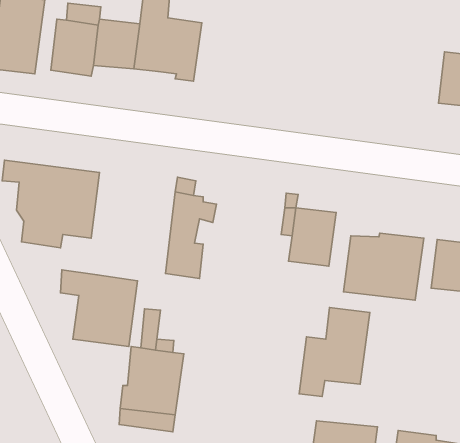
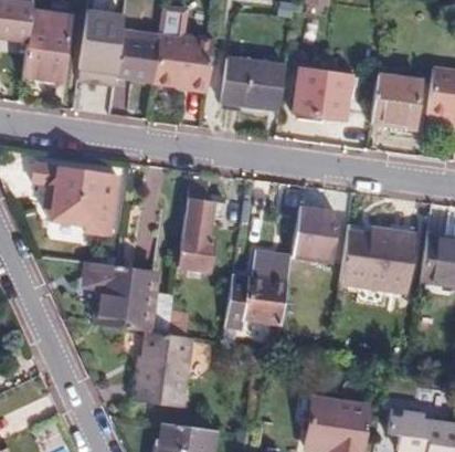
building: none -> [222,57,285,111]
building: none -> [293,66,350,116]
building: none -> [369,73,419,126]
building: [299,307,370,396] -> [226,253,290,334]

